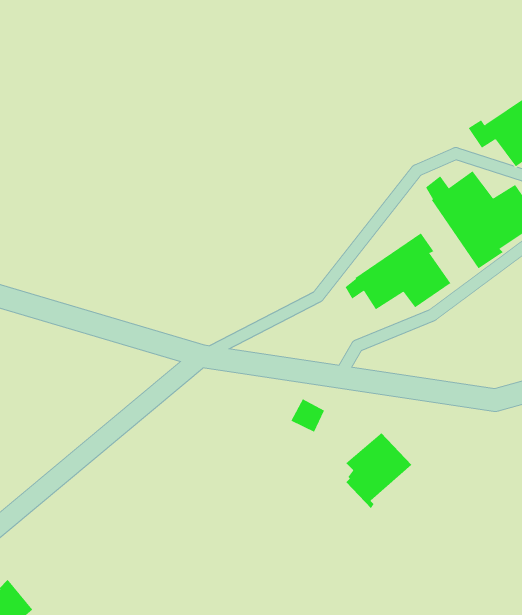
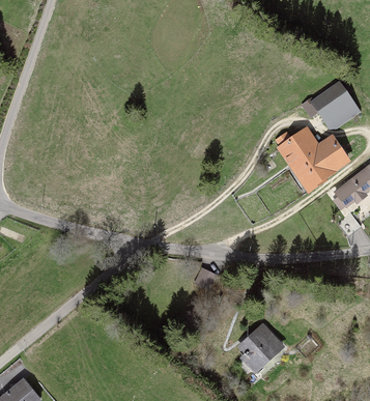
building: [345,233,451,310] -> none
building: [346,433,412,509] -> [243,327,283,374]

